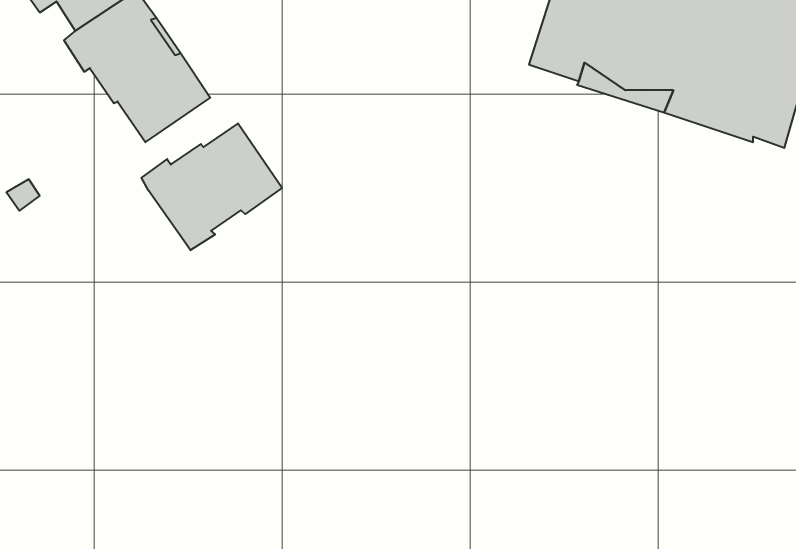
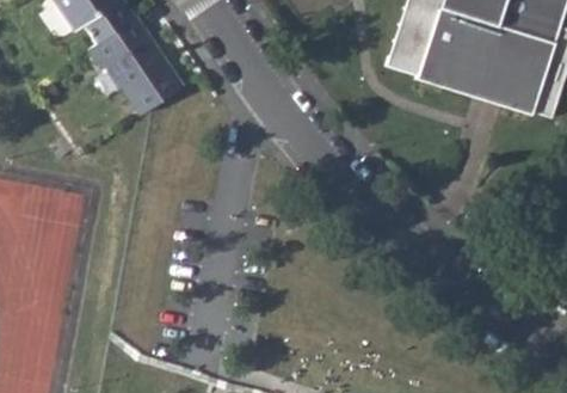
building: [141,123,282,250] -> none

